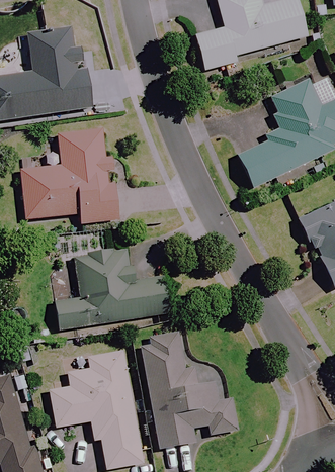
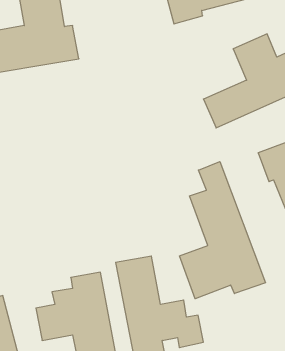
building: [21,129,123,222] -> none
building: none -> [179,162,265,299]
building: [54,247,171,329] -> none

